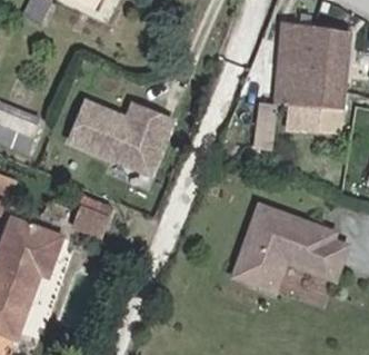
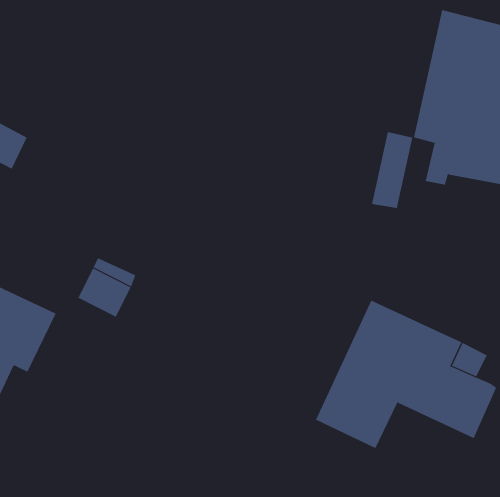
building: [63,99,169,178] -> none

